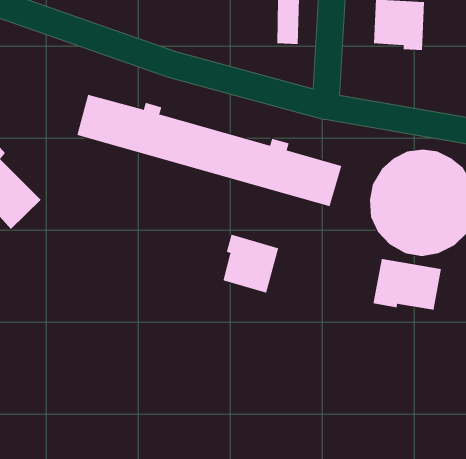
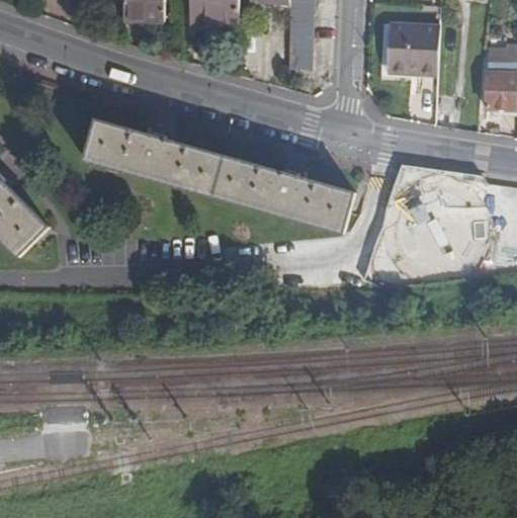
building: [223,234,279,293] -> none
building: [373,258,441,310] -> none

